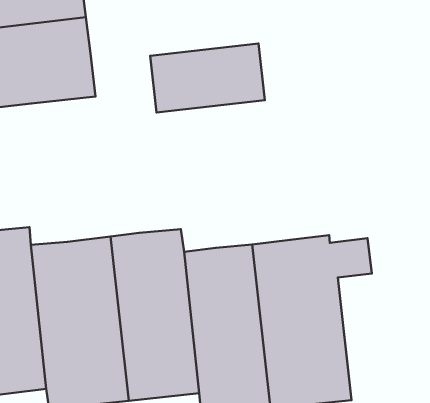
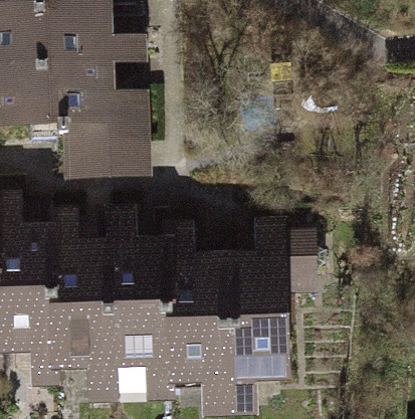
building: [150,44,265,112] -> [62,124,150,171]

